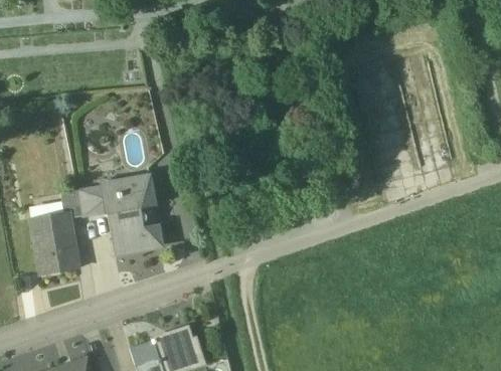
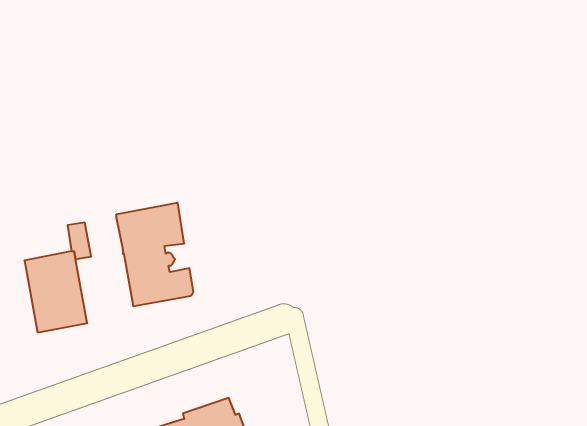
building: [77,185,107,215] -> none

